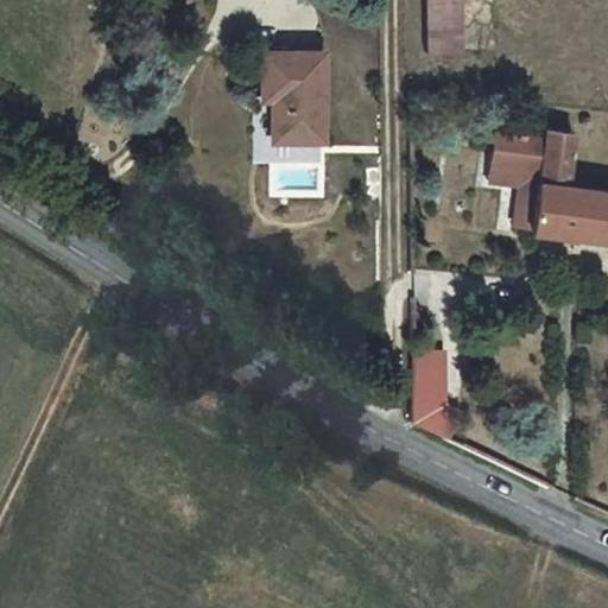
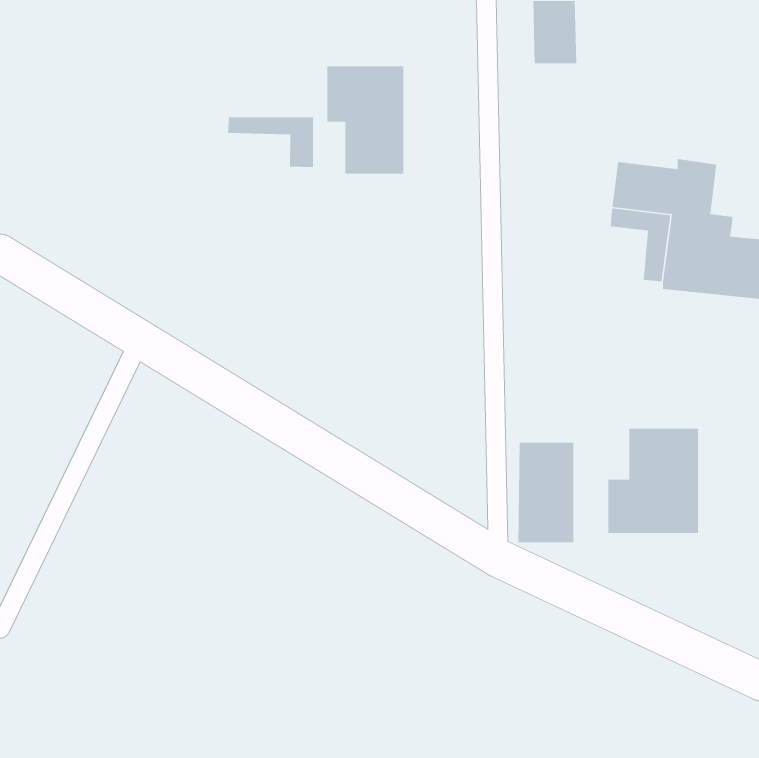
building: none -> [227,117,314,168]
building: none -> [607,428,699,534]

